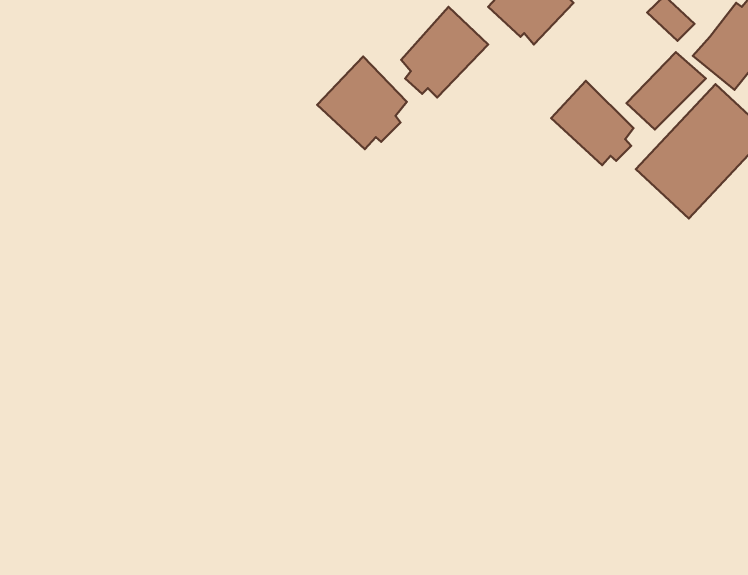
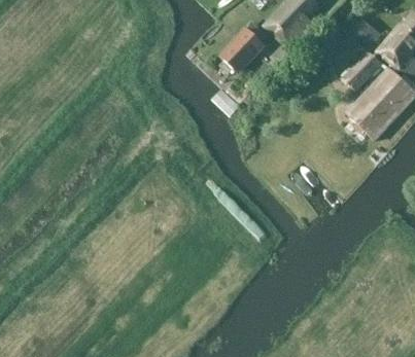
building: [317,56,407,149] -> none
building: [551,81,633,165] -> none

